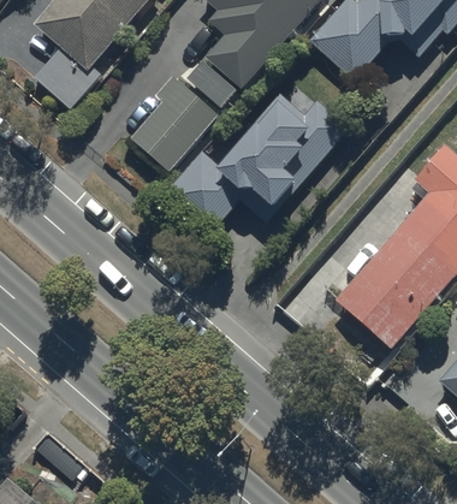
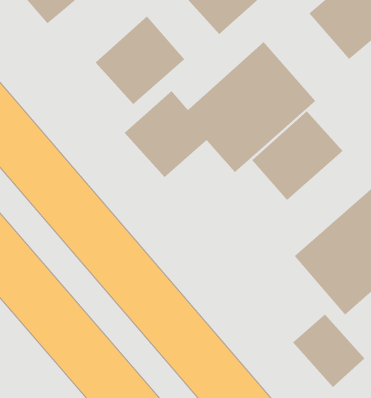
building: none -> [252,111,343,201]
building: none -> [292,314,365,388]

